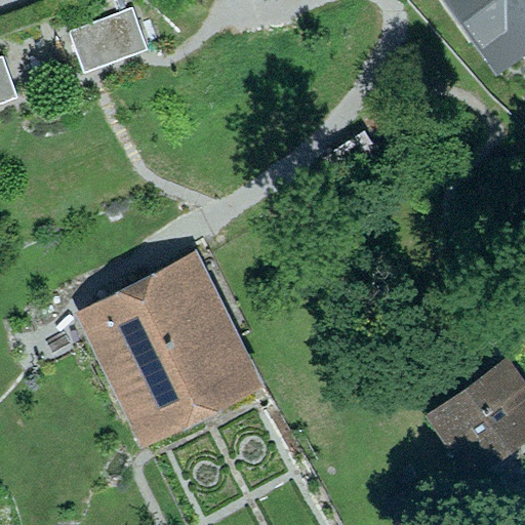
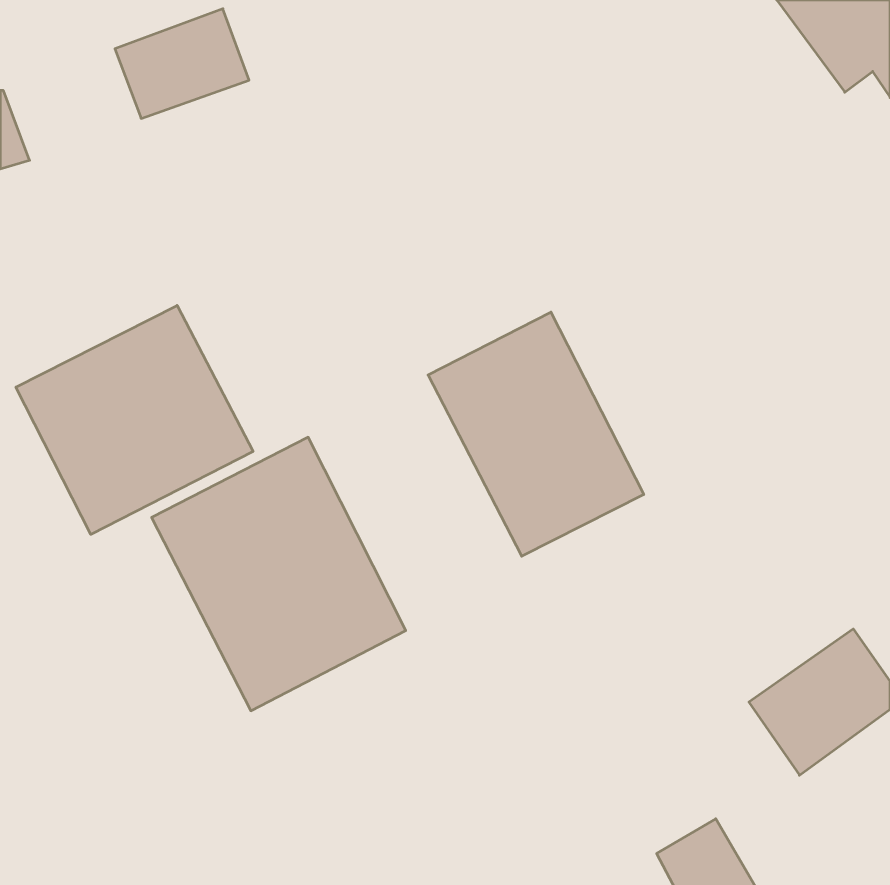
building: none -> [16,305,253,534]
building: none -> [428,312,644,556]

